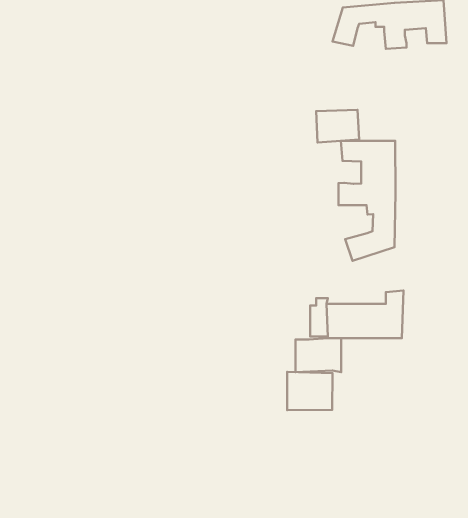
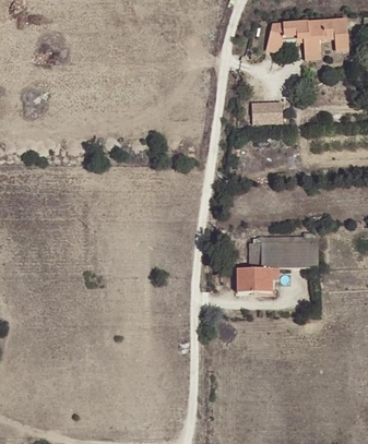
building: [339,141,396,261] -> none
building: [287,372,332,410] -> none

